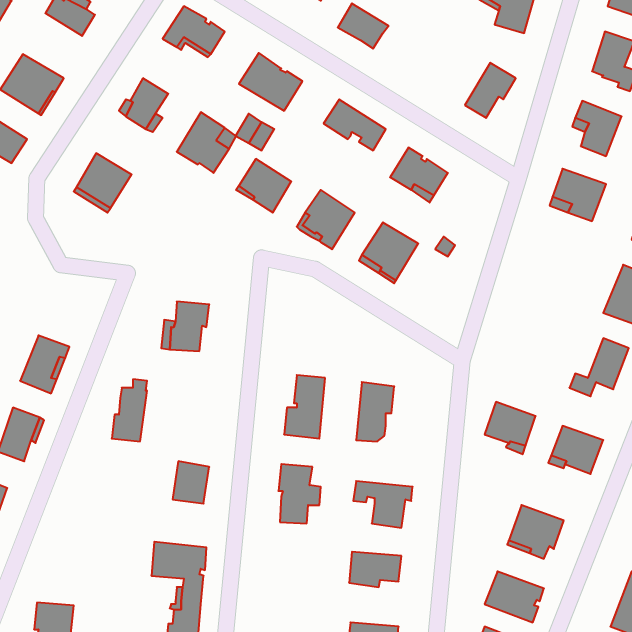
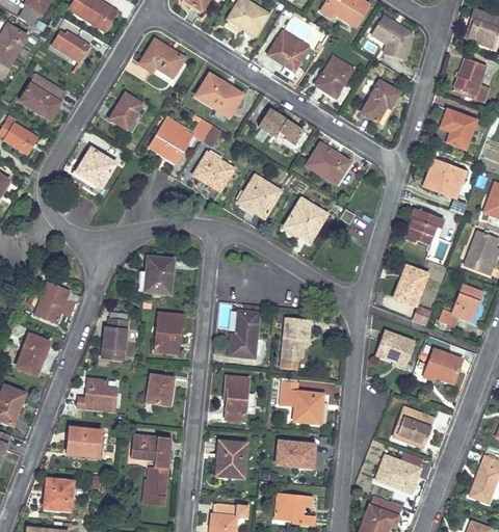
building: none -> [316,56,352,97]
building: none -> [404,208,443,245]
building: none -> [393,266,426,304]
building: none -> [154,313,183,353]
building: none -> [76,379,115,410]
building: none -> [65,427,101,457]
building: none -> [217,440,245,477]

